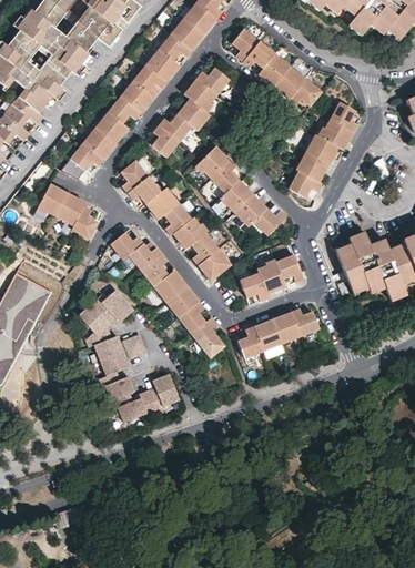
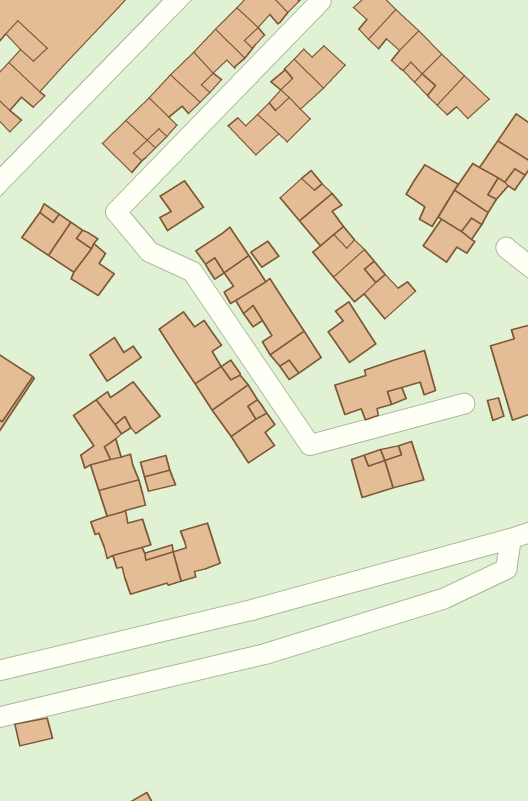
building: [152,124,179,158] -> none
building: none -> [406,165,458,227]
building: [69,142,102,170] -> none
building: [128,176,162,204] -> none
building: none -> [328,302,376,363]
building: [110,232,142,260] -> [90,337,141,381]
building: [292,307,321,335] -> none
building: [191,317,226,359] -> none
building: [239,326,264,357] -> none

